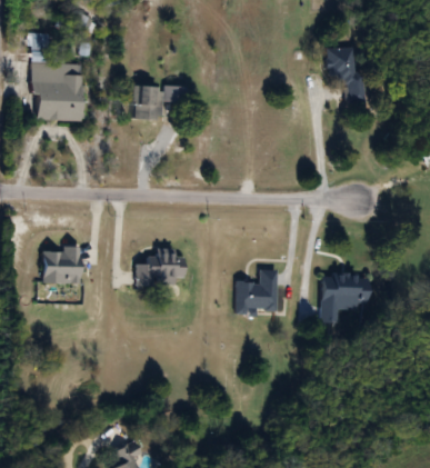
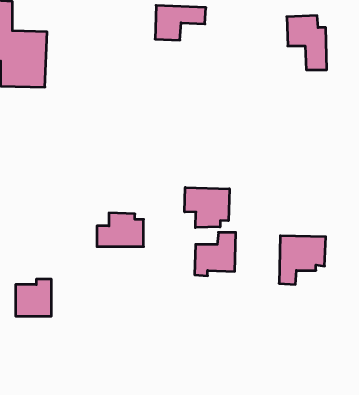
building: [133,84,186,120] -> [155,5,206,40]
building: none -> [185,187,229,228]
building: [42,246,79,283] -> [16,279,51,316]

